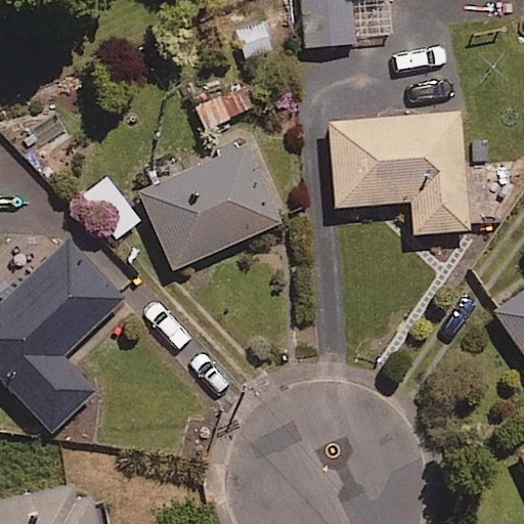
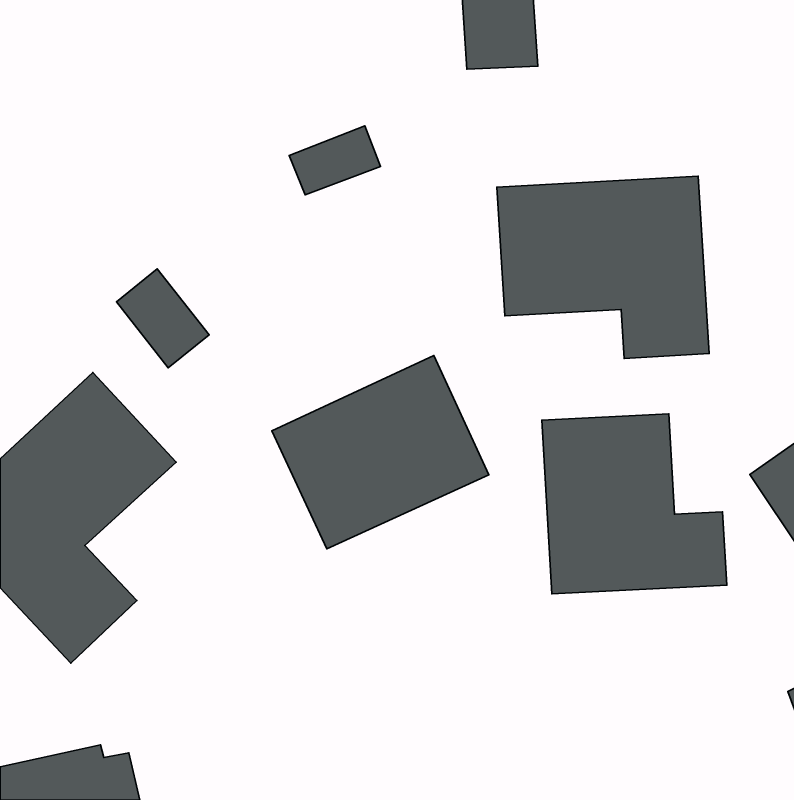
building: [139,143,280,269] -> [272,355,489,549]
building: none -> [542,414,727,594]

